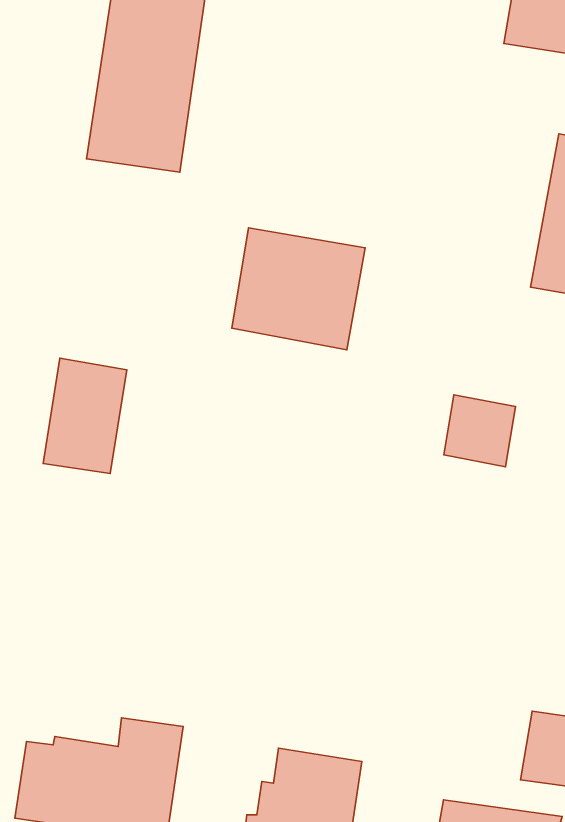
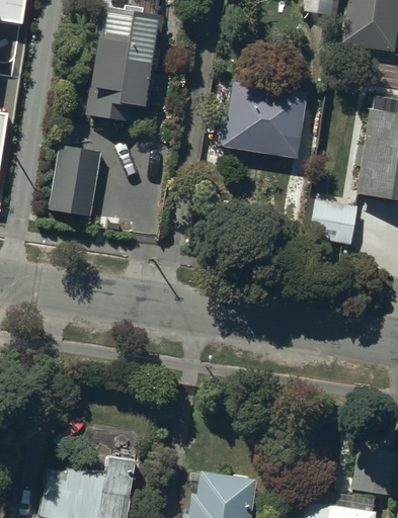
building: [232,228,365,350] -> [223,84,304,158]
building: [43,358,127,473] -> [48,147,98,217]
building: [444,395,516,467] -> [312,206,355,250]

